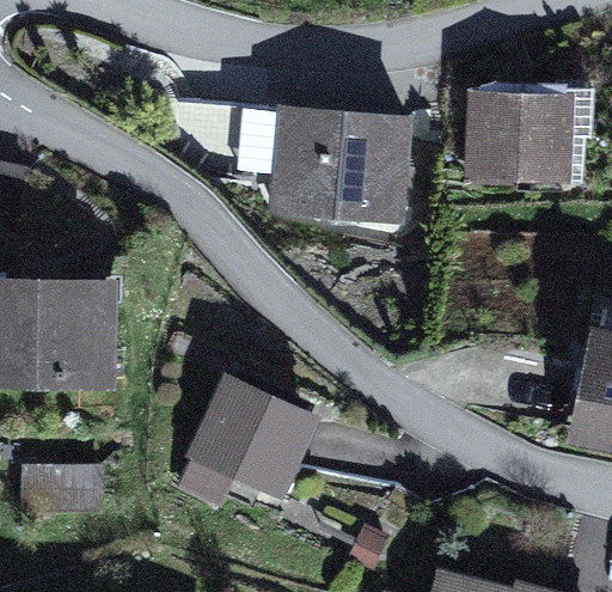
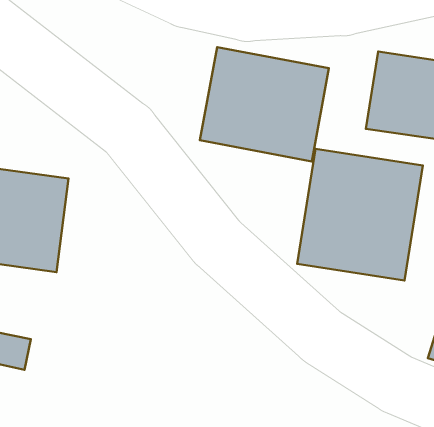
building: none -> [297,149,423,280]
building: [178,373,320,508] -> none

